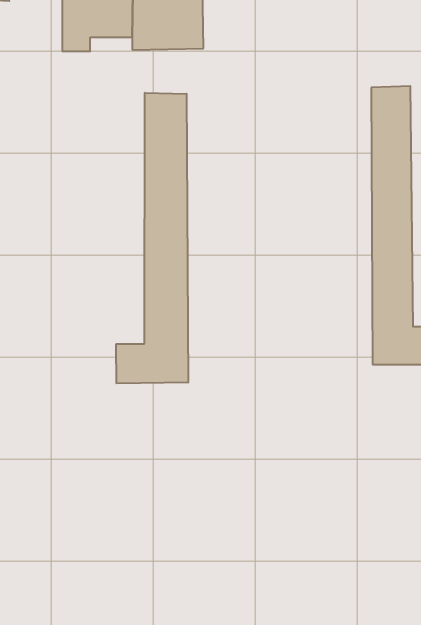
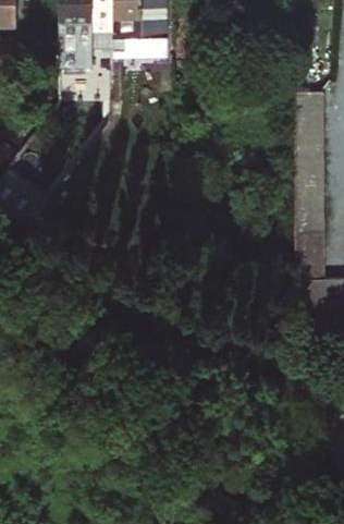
building: [116,93,188,383] -> none

